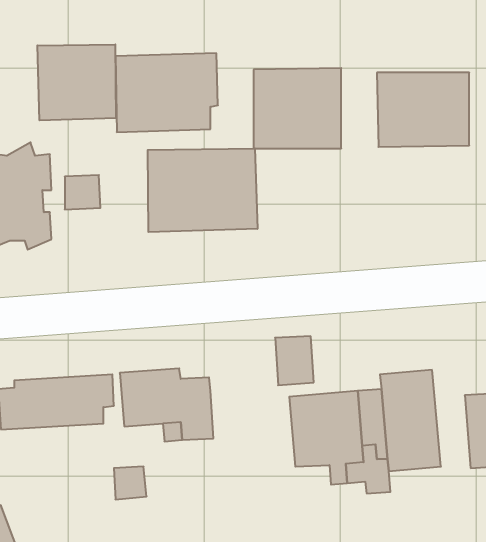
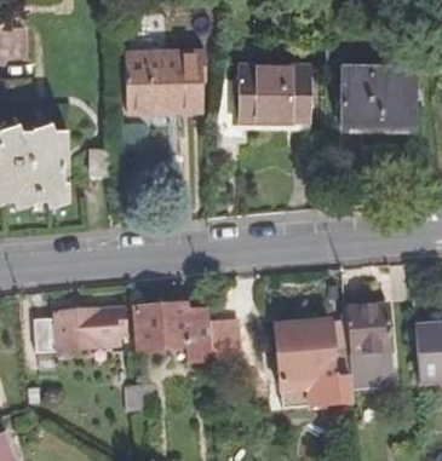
building: [37,44,116,120] -> none
building: [148,148,257,232] -> none
building: [275,336,314,385] -> [203,321,235,361]

